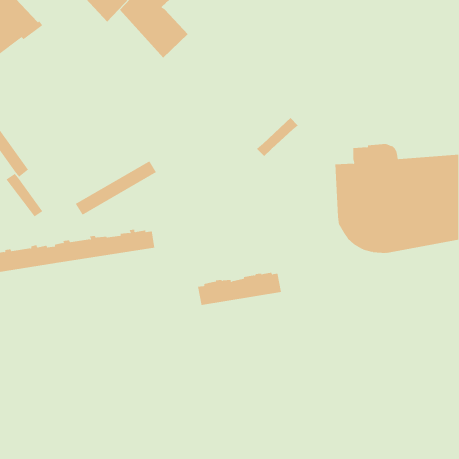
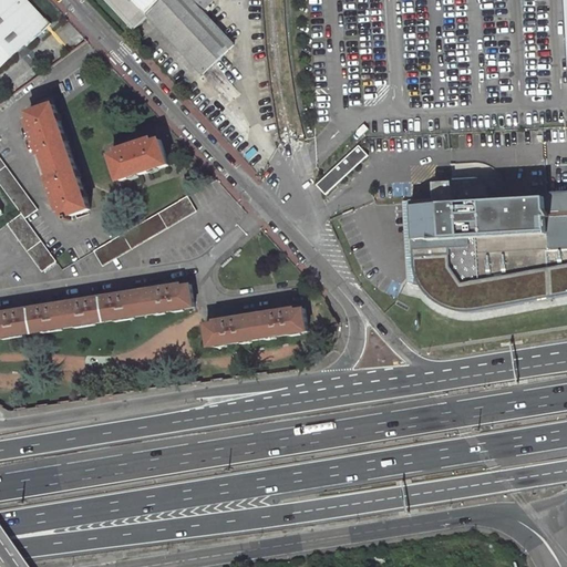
building: none -> [23,96,84,218]
building: none -> [107,140,165,182]
building: [197,272,282,306] -> [200,306,305,347]

